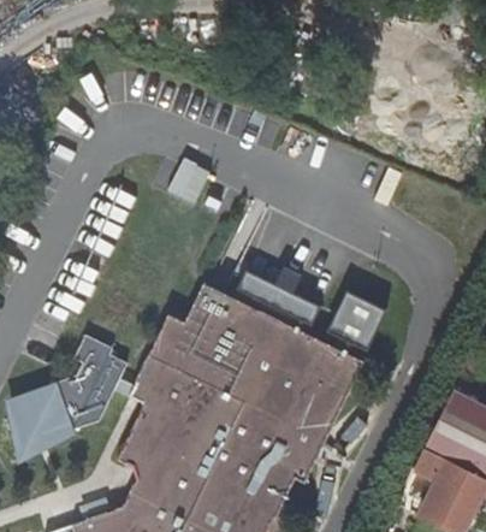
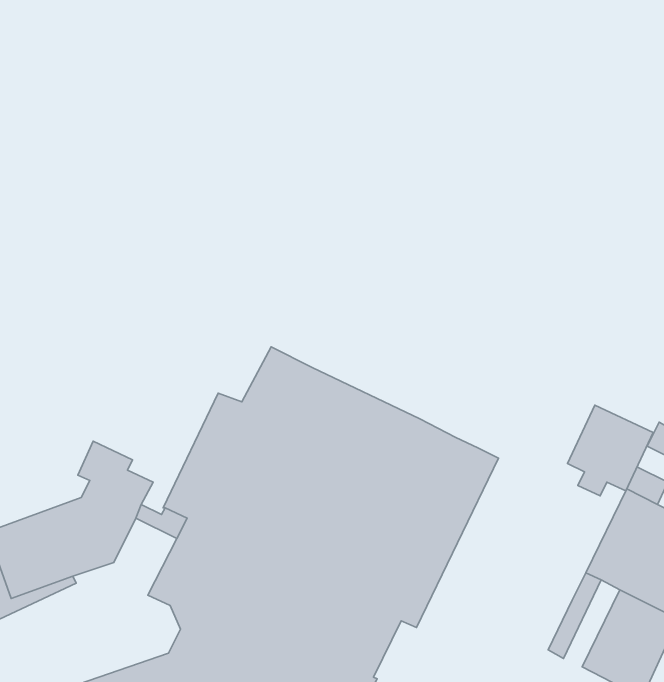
building: [231,270,321,337] -> none
building: [325,294,385,357] -> [568,405,653,496]

